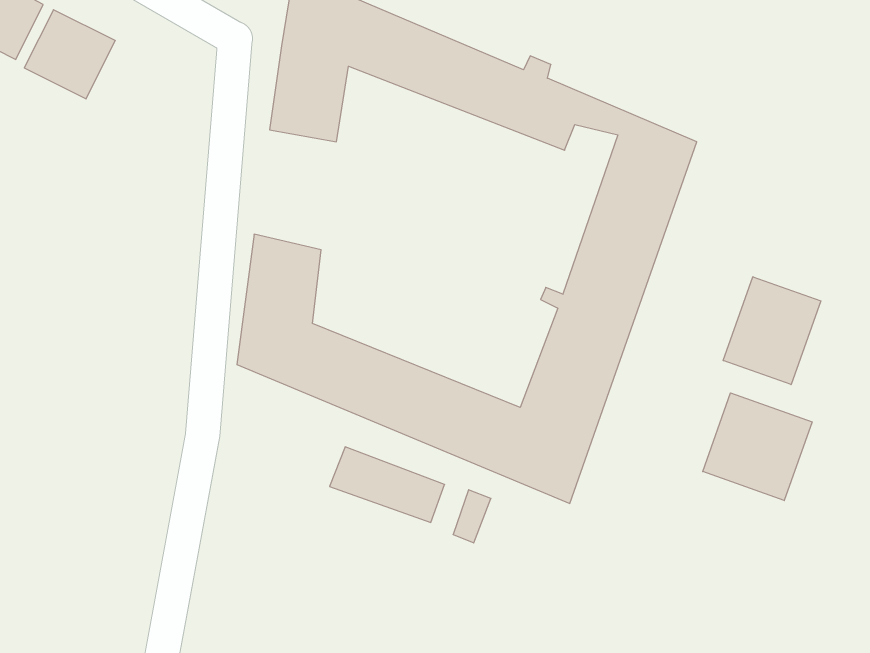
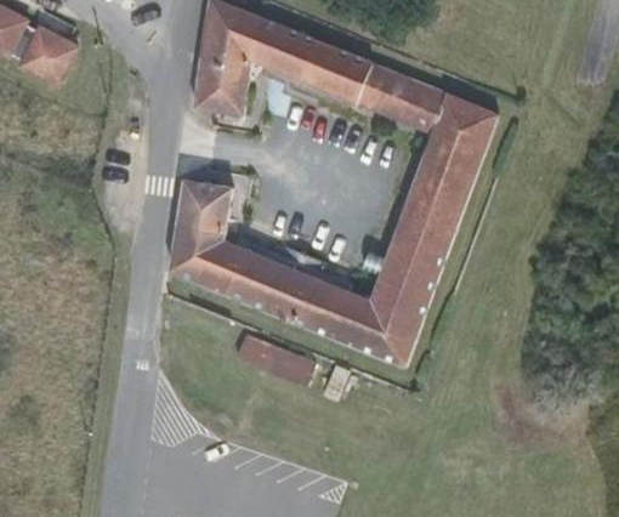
building: [723,277,821,385] -> none
building: [703,393,812,501] -> none

